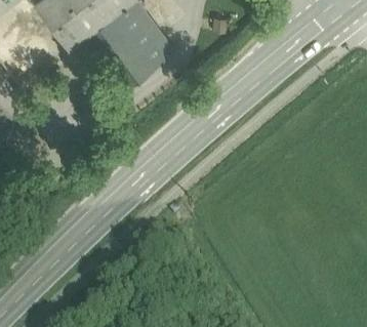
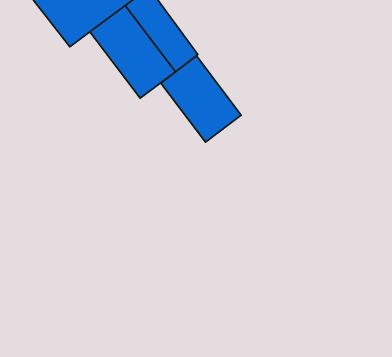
building: none -> [161,56,241,142]

